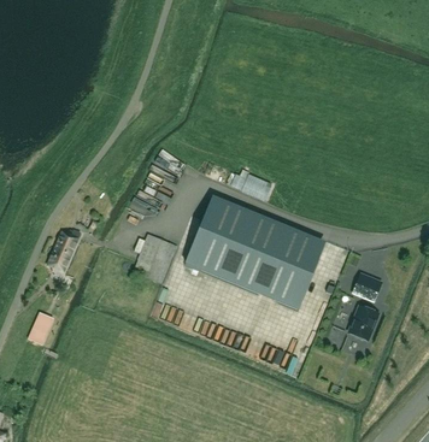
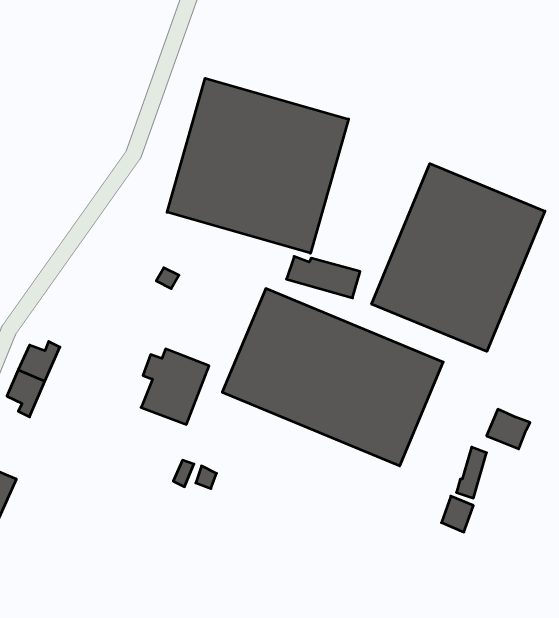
building: none -> [167,78,349,253]
building: none -> [372,164,545,351]
building: [348,306,377,341] -> none

